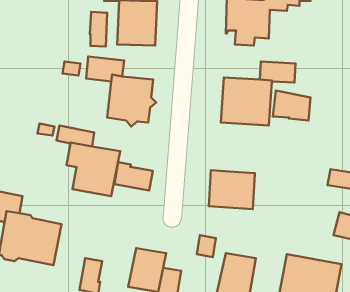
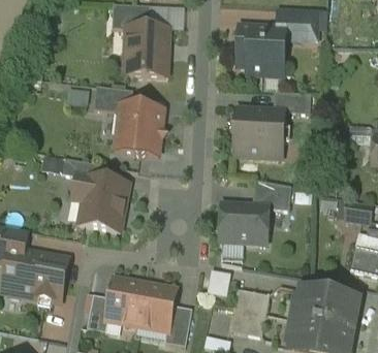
building: [90,12,107,47] -> none
building: [273,90,311,120] -> [252,178,291,208]
building: [115,162,153,190] -> none
building: none -> [106,278,146,323]

